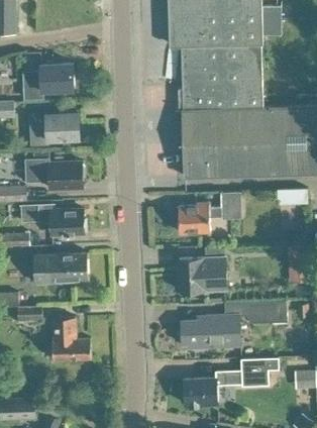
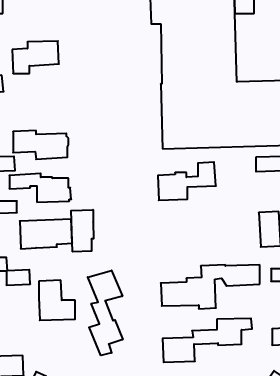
building: [27,113,80,146] -> none
building: none -> [71,210,94,252]
building: [179,257,227,292] -> none
building: none -> [88,270,123,355]

